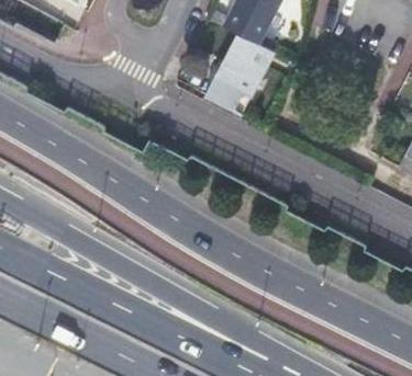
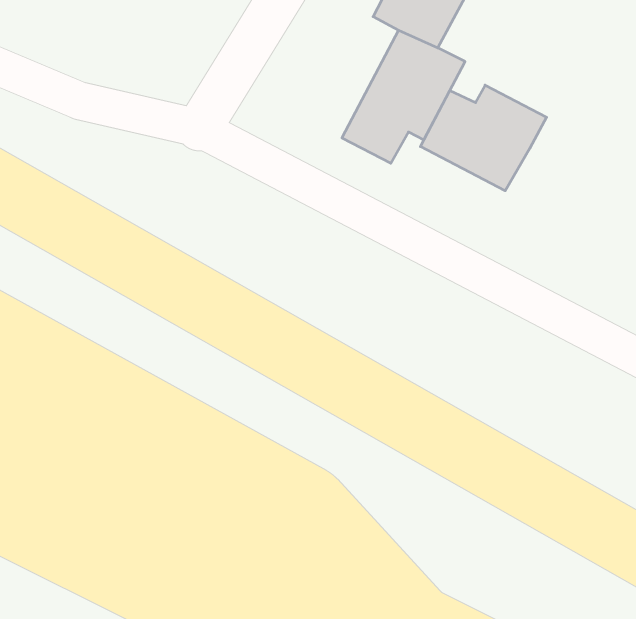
building: none -> [420,85,547,191]

